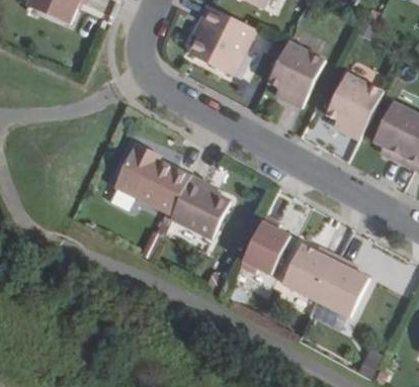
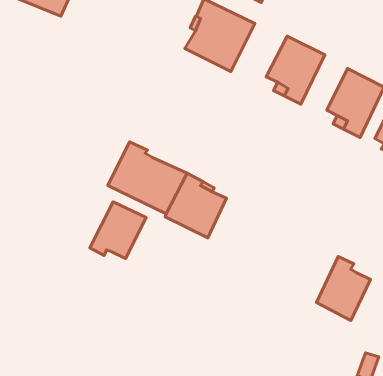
building: none -> [90,202,146,258]
building: [239,214,289,272] -> none
building: [282,244,337,299] -> none

